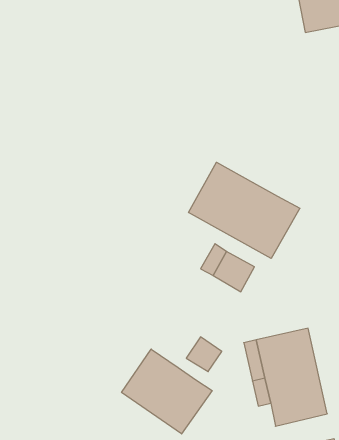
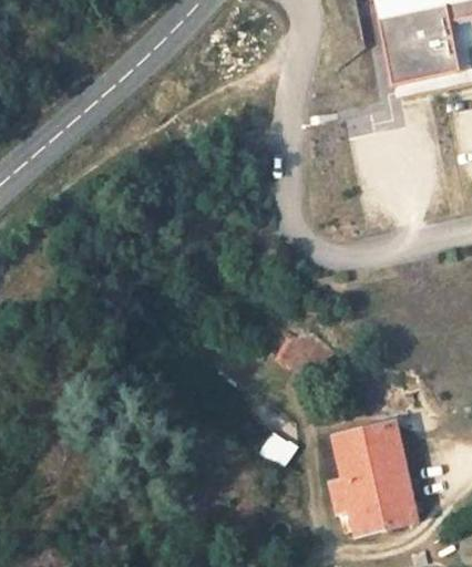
building: [189,162,300,258] -> none
building: [122,349,212,434] -> none

